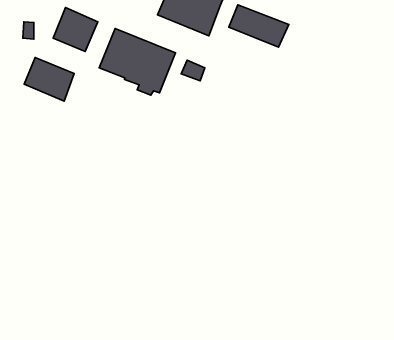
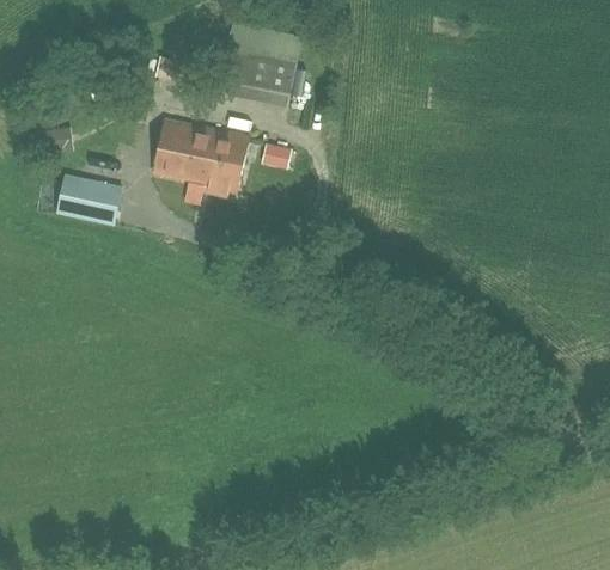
building: [229,5,289,47] -> none
building: [53,8,98,51] -> none

